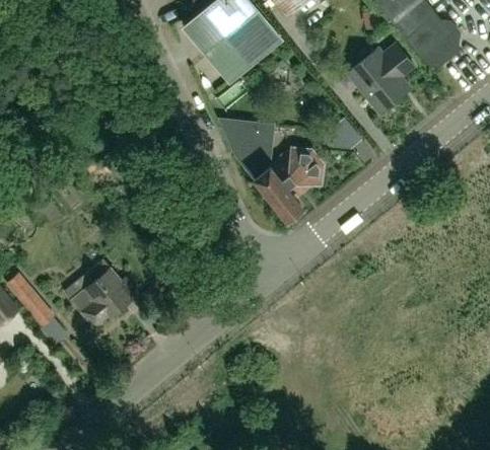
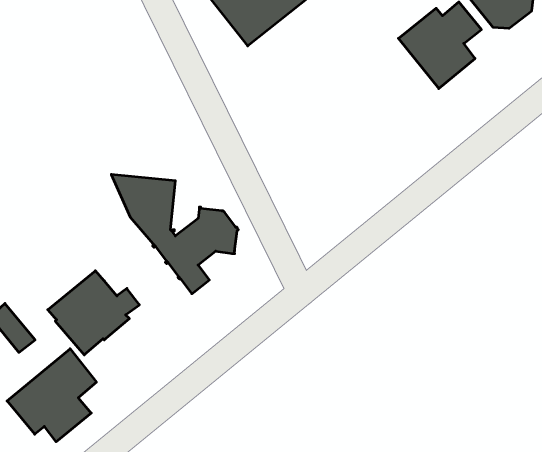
building: [333,118,363,149] -> none
building: [222,122,325,218] -> [111,174,238,294]
building: none -> [7,349,96,442]

